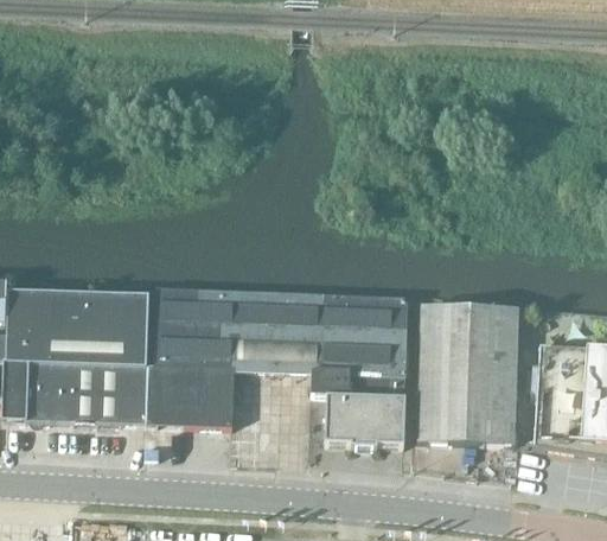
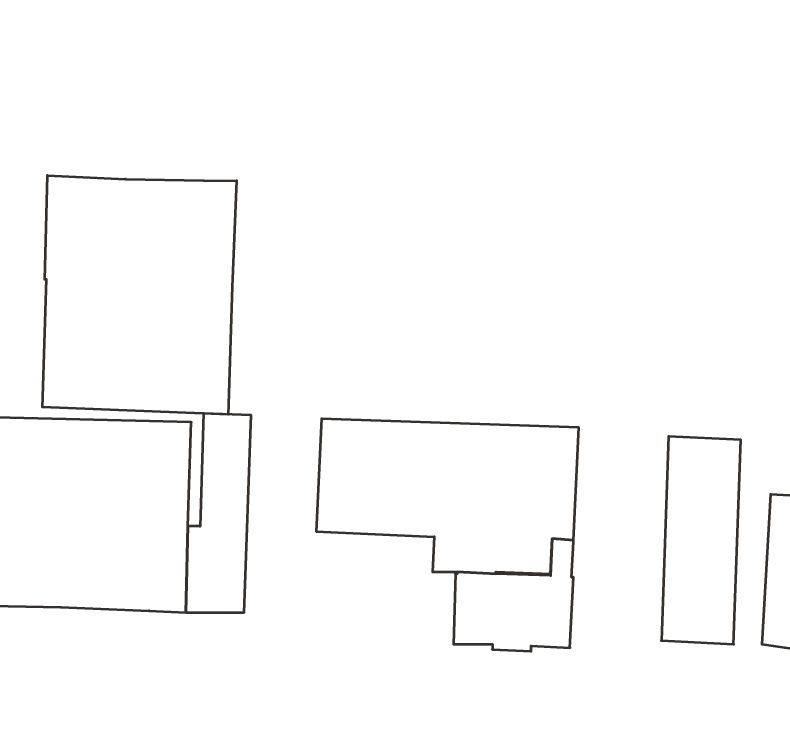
building: none -> [42,175,237,414]
building: [185,289,237,425] -> none
building: [417,303,471,441] -> none

